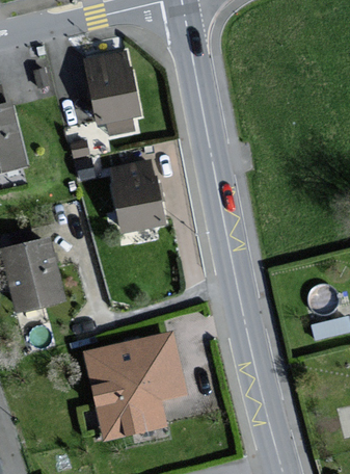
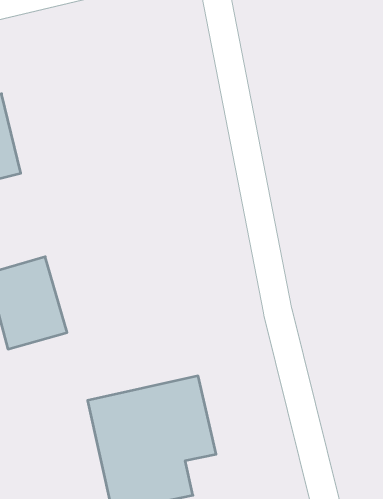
building: [83,48,141,138] -> none
building: [108,161,164,234] -> none

